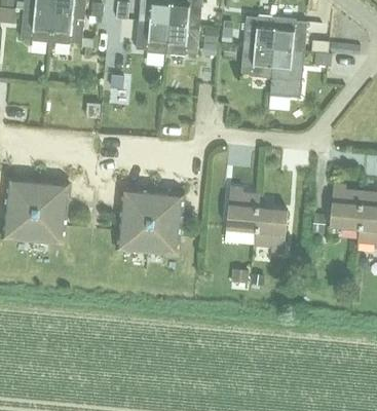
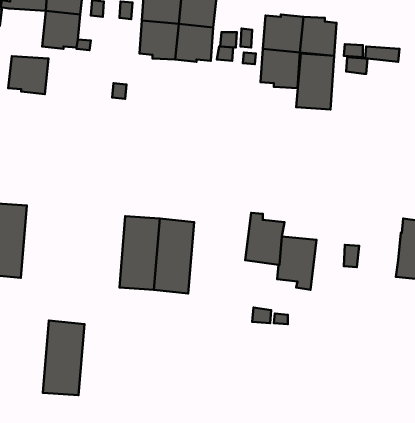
building: [18,9,53,42] -> [8,56,49,94]
building: [32,180,68,245] -> [43,320,84,395]
building: [330,183,363,227] -> none

